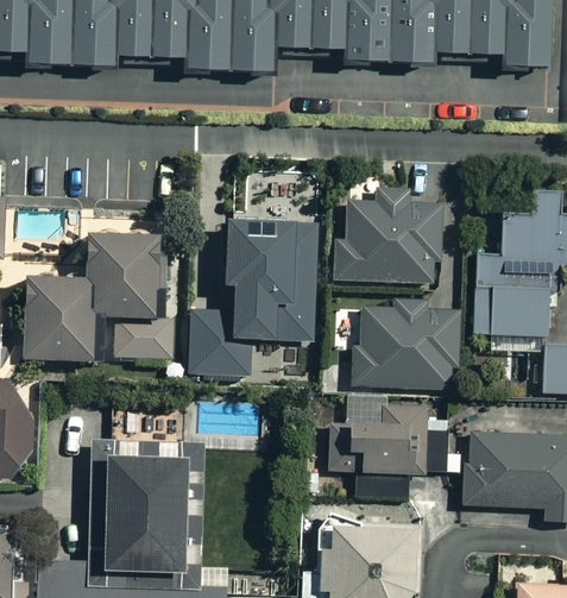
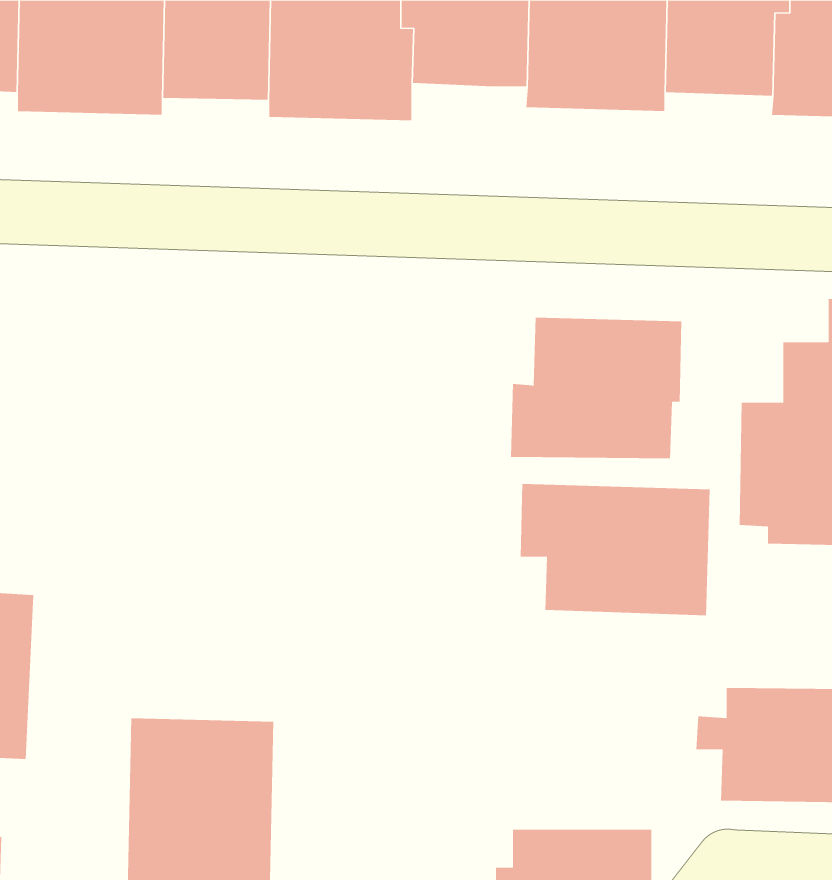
building: [188,209,319,372] -> none
building: [24,229,177,364] -> none
building: [329,394,446,499] -> none

